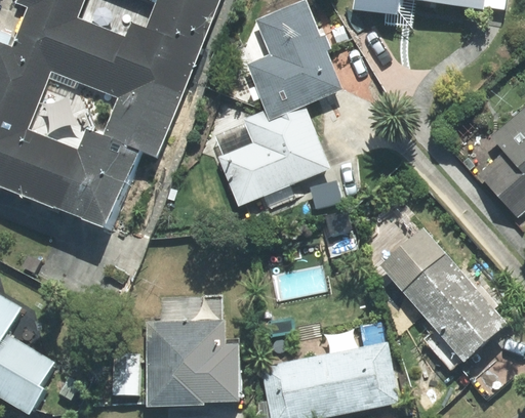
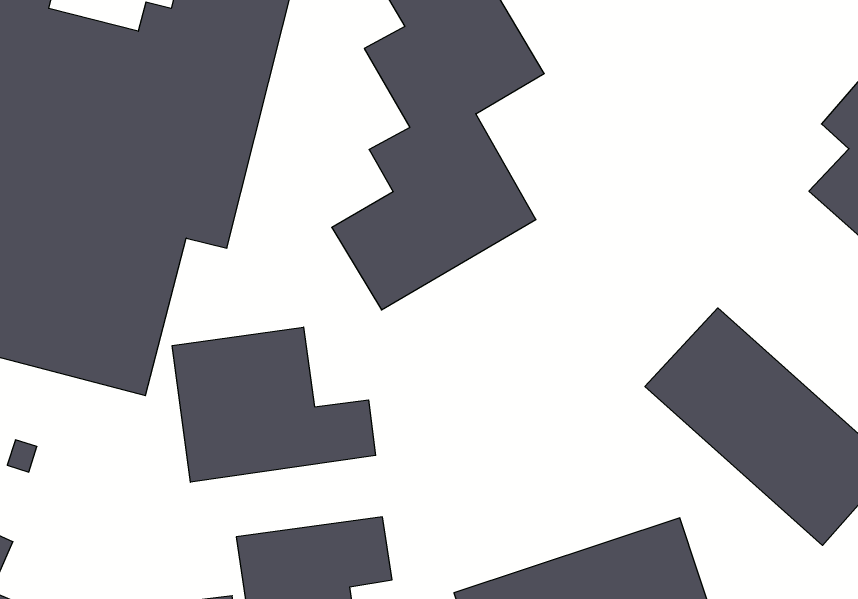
building: none -> [172,327,376,482]

